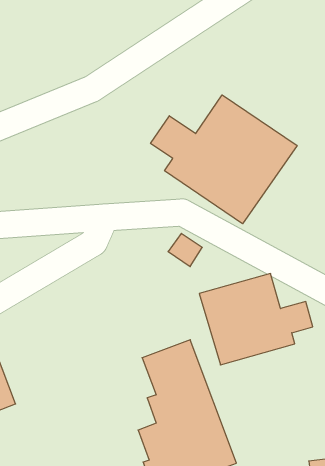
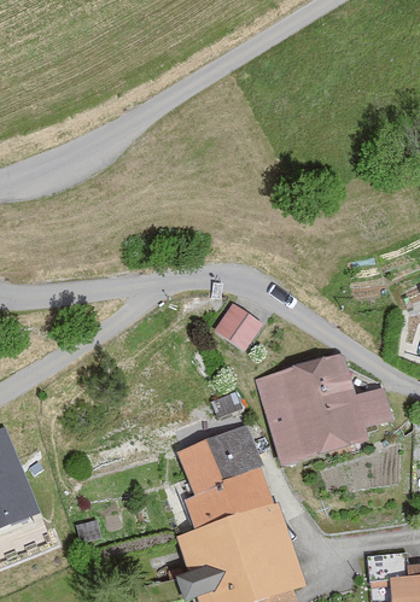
building: [151,95,297,224] -> none

